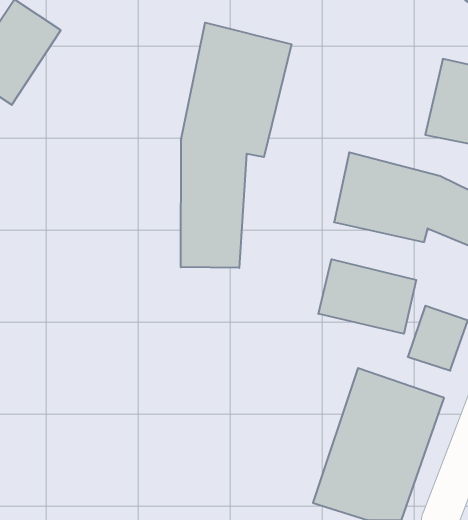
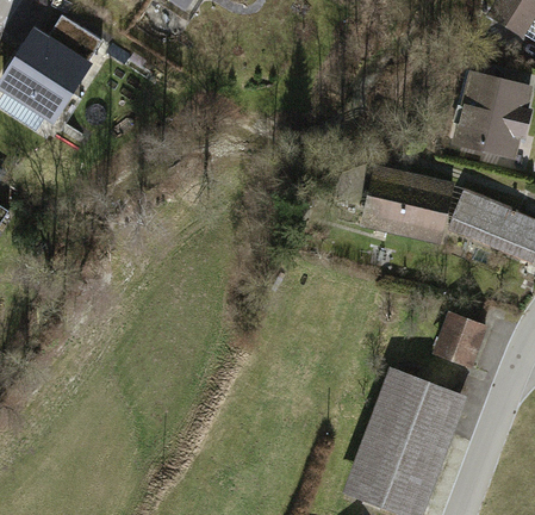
building: [181,23,291,268] -> none
building: [318,259,416,334] -> none

